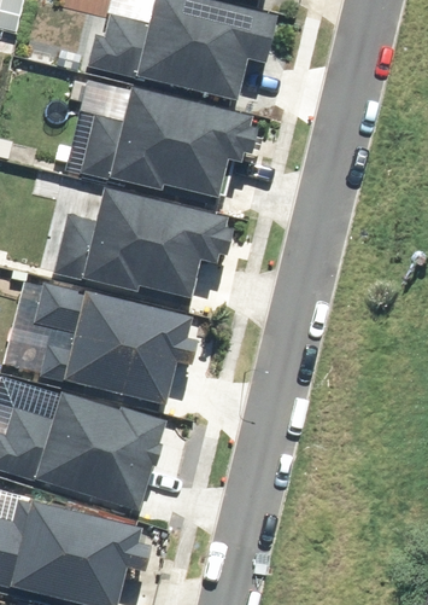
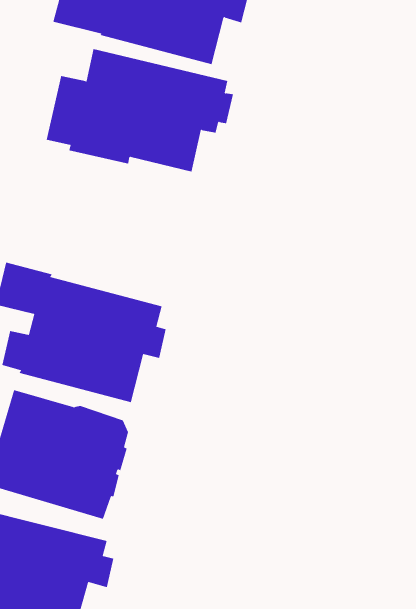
building: [54,187,225,297] -> none

